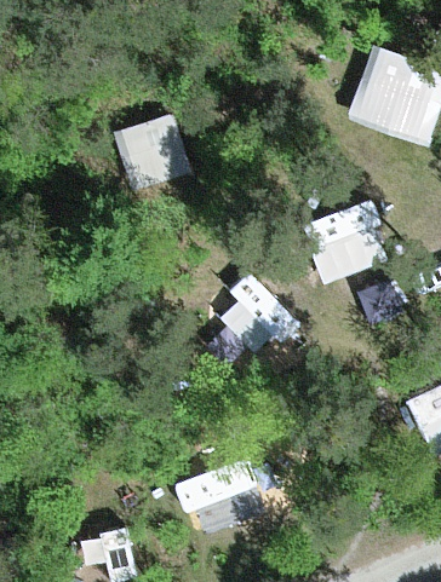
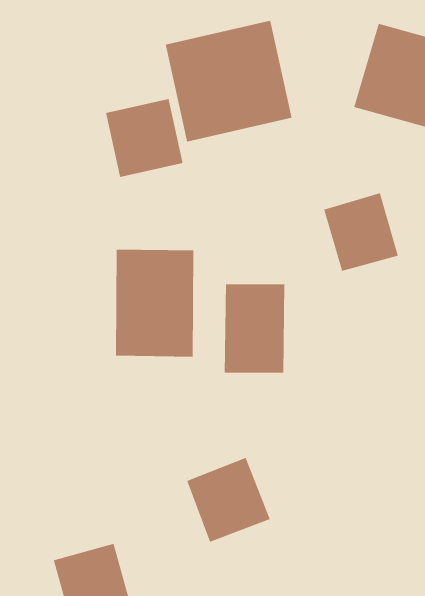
building: none -> [165,20,293,143]
building: none -> [115,249,194,357]

